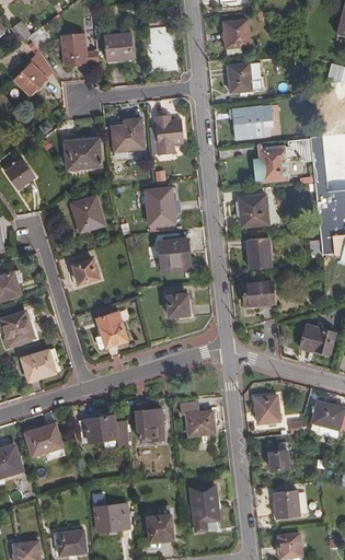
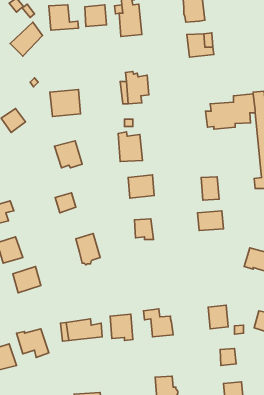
building: [230,106,274,140] -> none
building: [111,116,143,149] -> none
building: [241,194,269,225] -> none

